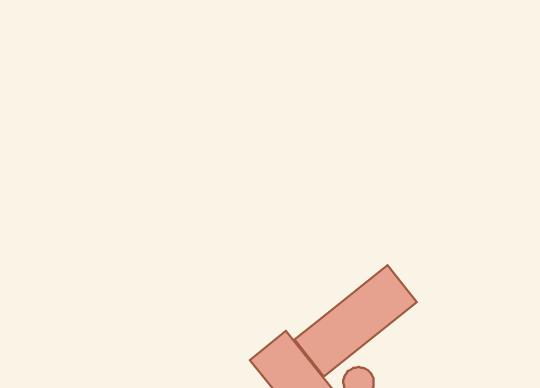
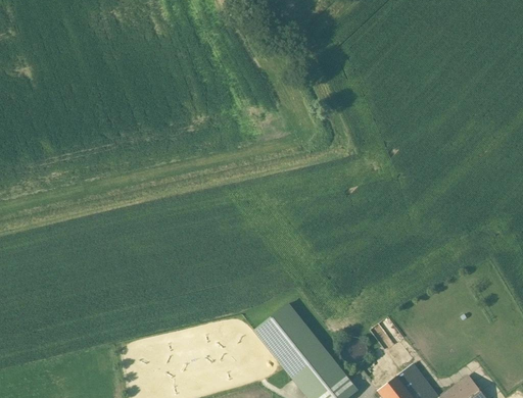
building: [295,265,417,377] -> none

